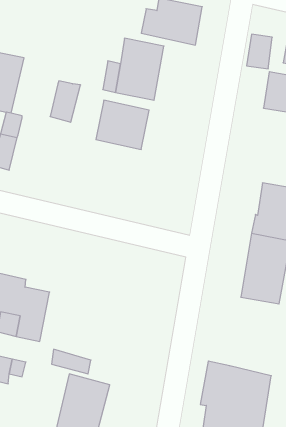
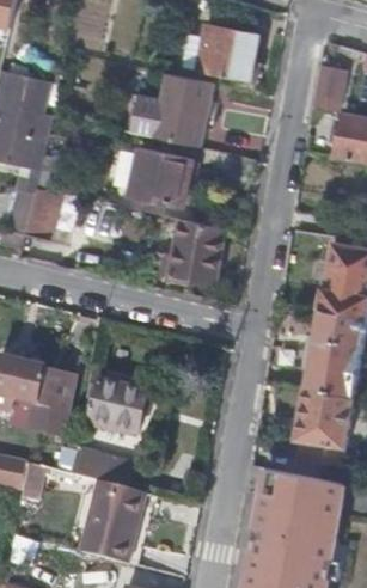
building: [50,81,81,122] -> [25,189,62,239]
building: none -> [154,220,225,283]
building: none -> [92,380,149,431]
building: none -> [294,386,353,467]

